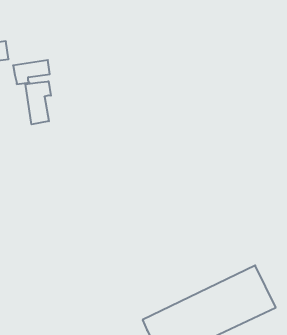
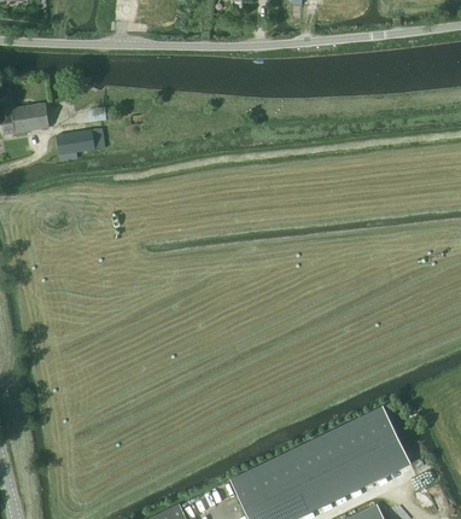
building: [25,81,51,124] -> none

